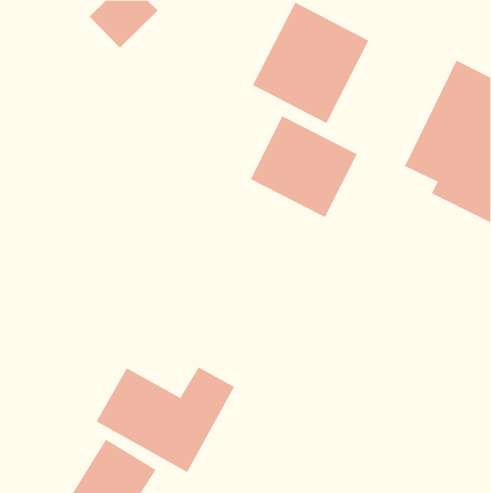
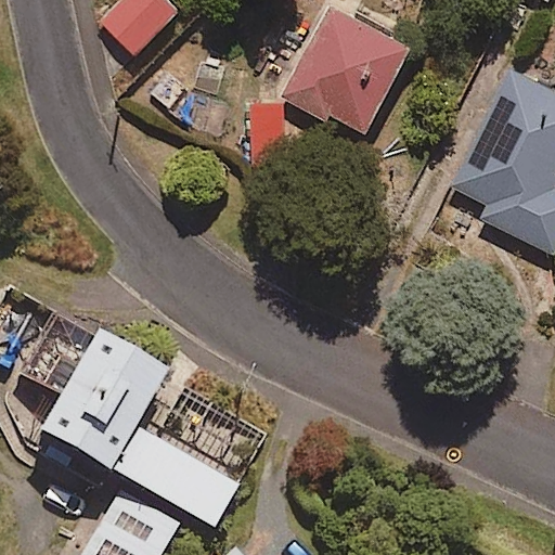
building: [250,116,357,218] -> none
building: none -> [17,310,164,474]

